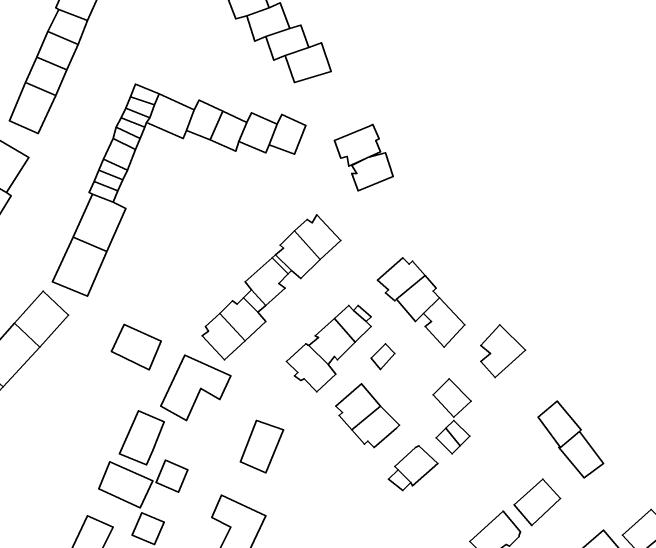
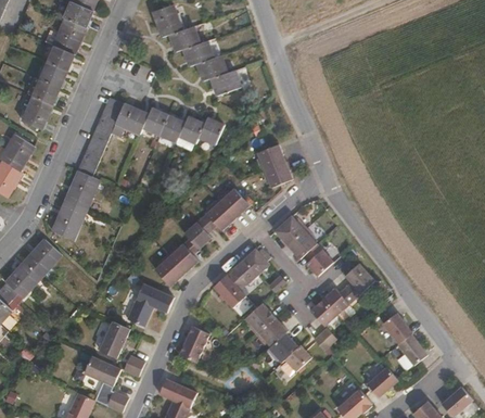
building: [334,125,381,166] -> [259,159,291,187]
building: [112,325,161,370] -> none
building: none -> [321,286,353,313]
building: none -> [267,331,298,360]

